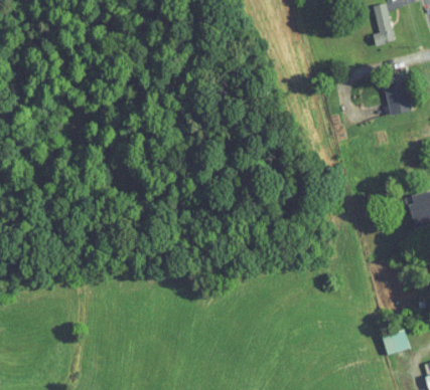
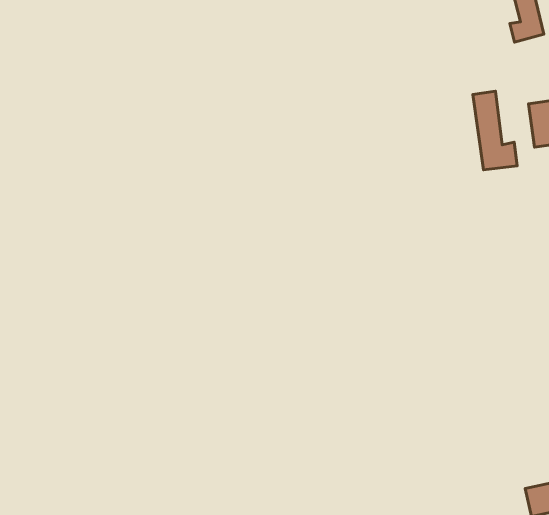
building: none -> [473,91,517,170]

